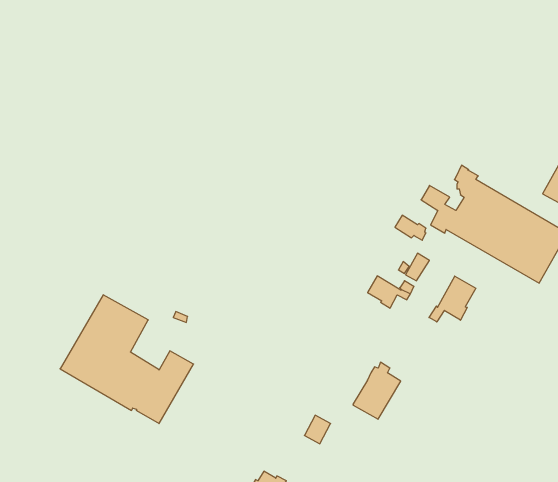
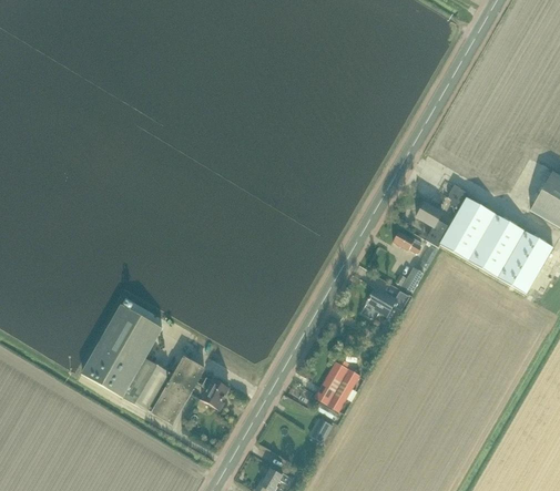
building: [429,276,476,322] -> none
building: [353,362,401,419] -> [315,357,359,410]
building: none -> [201,376,230,409]

